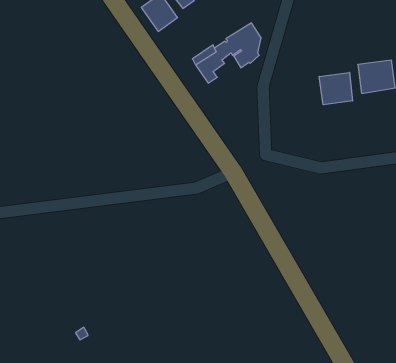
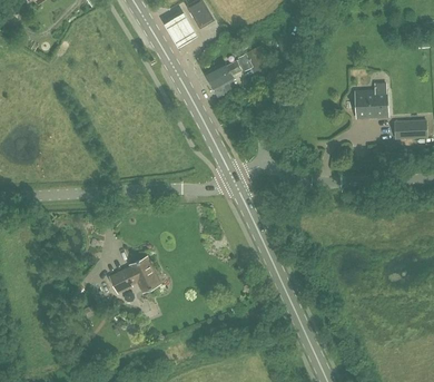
building: [319,72,352,105] -> none
building: none -> [109,255,159,292]

